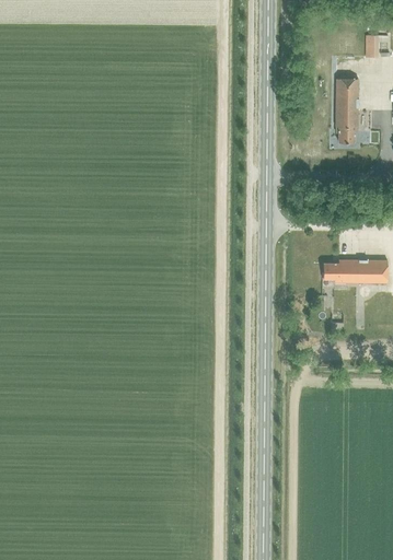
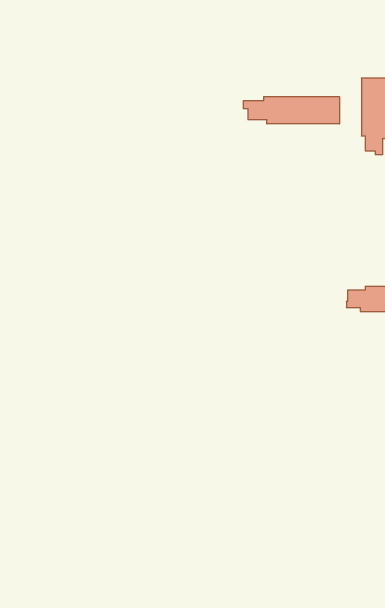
building: none -> [243,97,339,124]

